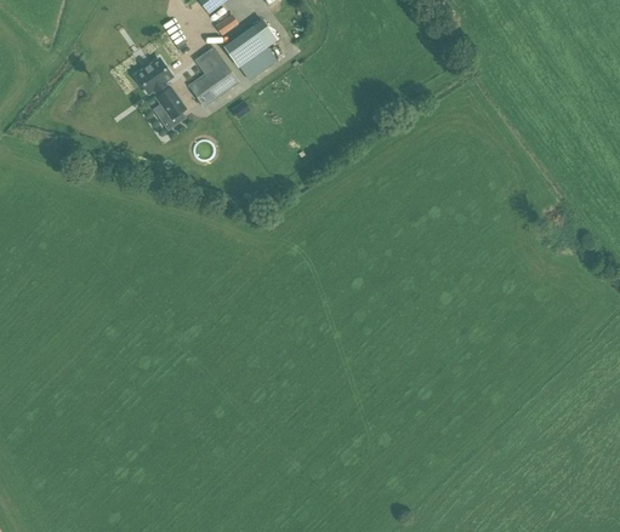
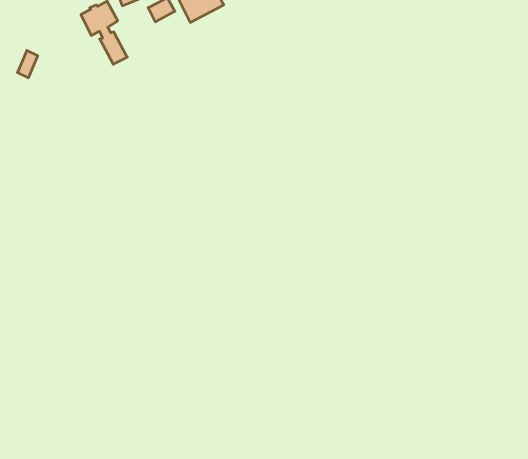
building: [190,63,238,105] -> none

